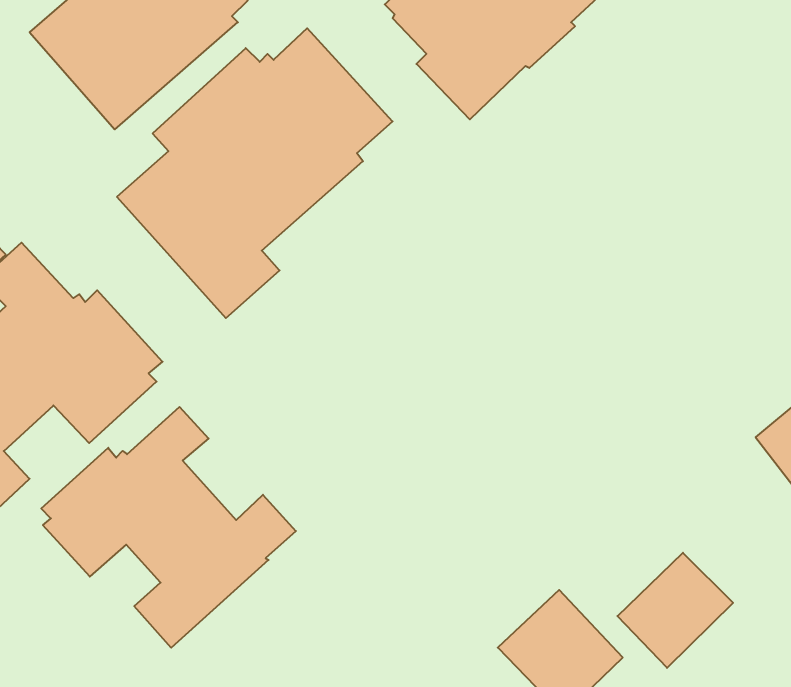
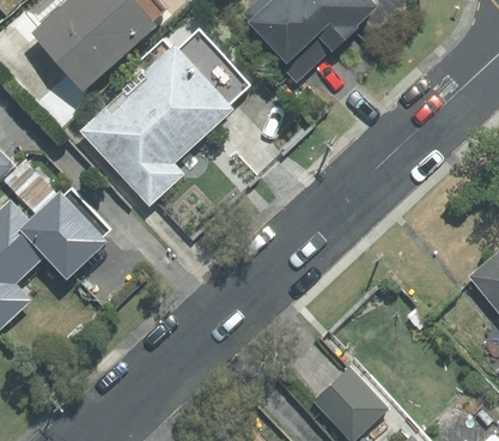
building: [41,407,296,648] -> none
building: [617,553,733,668] -> none

